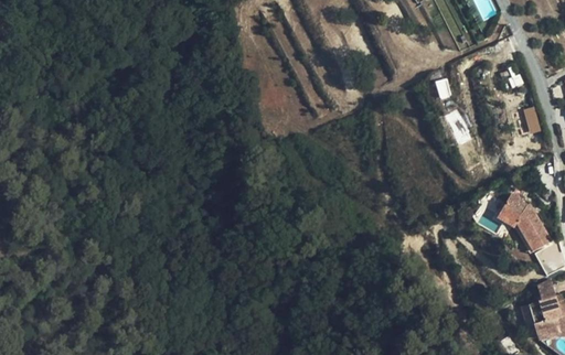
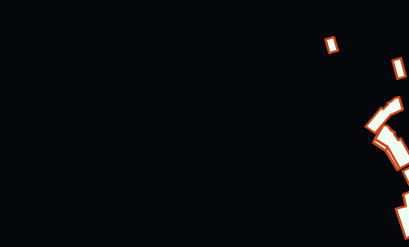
building: none -> [366,97,403,133]

